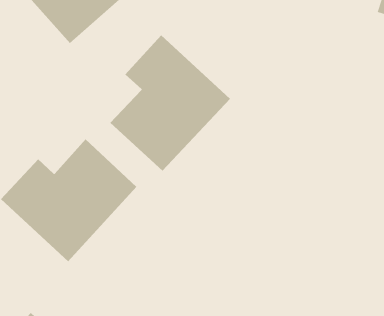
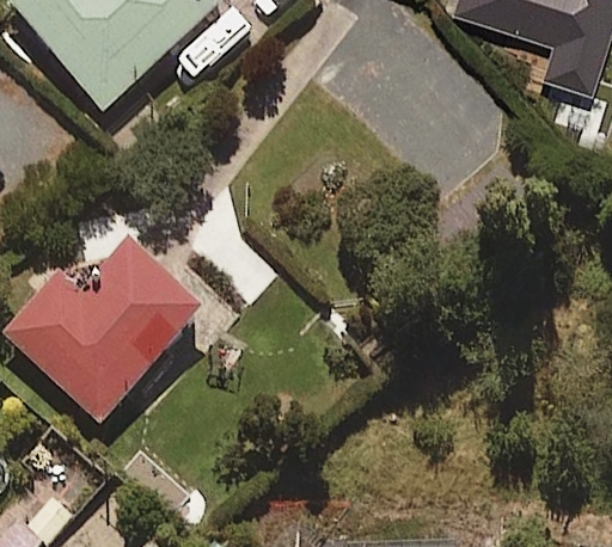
building: [109,34,231,171] -> none

